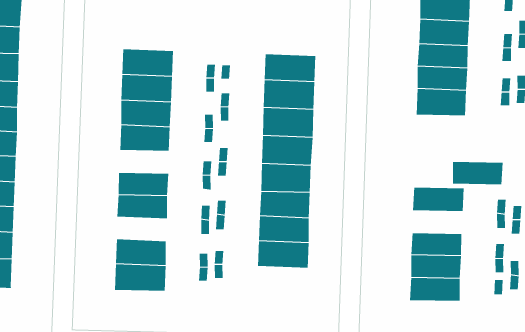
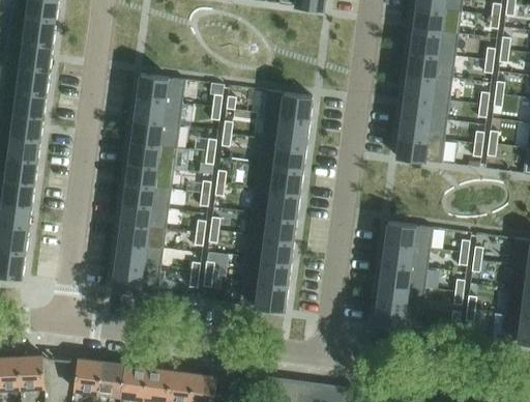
building: none -> [126,164,174,189]
building: [452,162,503,185] -> [383,242,431,267]
building: none -> [119,223,167,249]
building: none -> [239,279,288,310]

